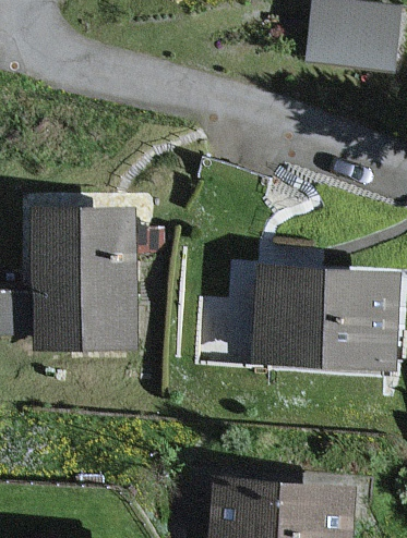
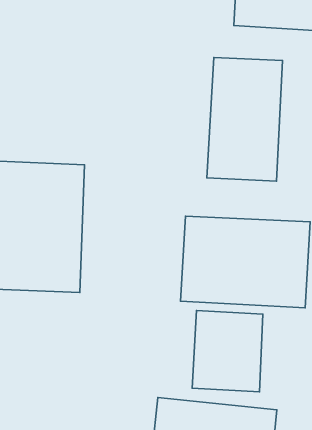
building: none -> [207,57,282,181]
building: none -> [192,311,263,392]

